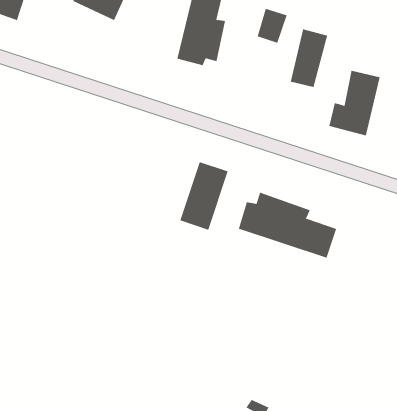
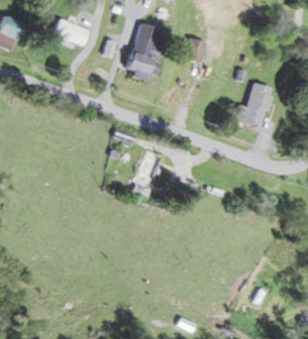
building: [290,29,328,88] -> none
building: [238,192,337,259] -> none

